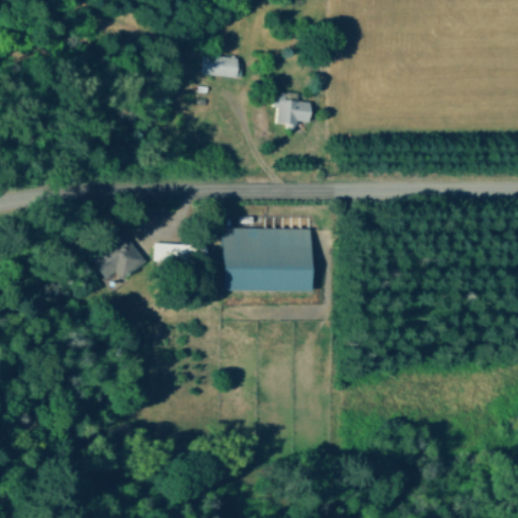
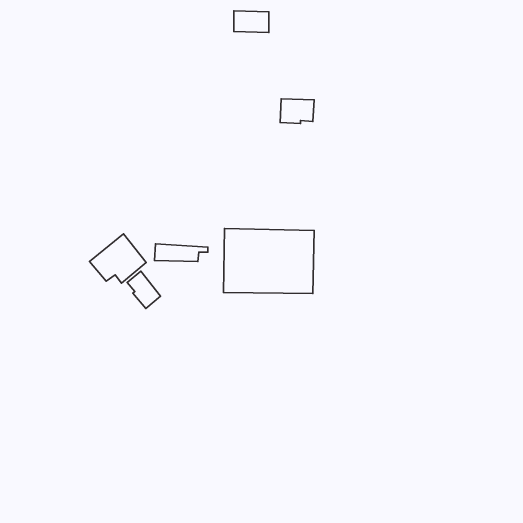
building: [204,56,239,77] -> [234,11,269,32]
building: none -> [127,271,161,308]

